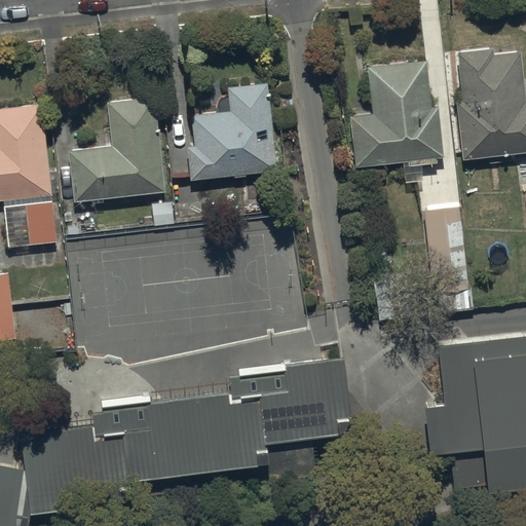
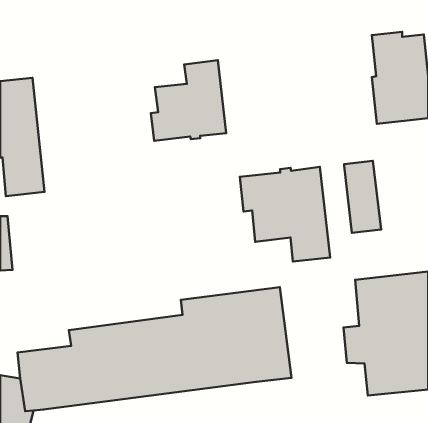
building: [349,59,443,182] -> none
building: [69,95,162,201] -> none
building: none -> [240,167,330,261]

